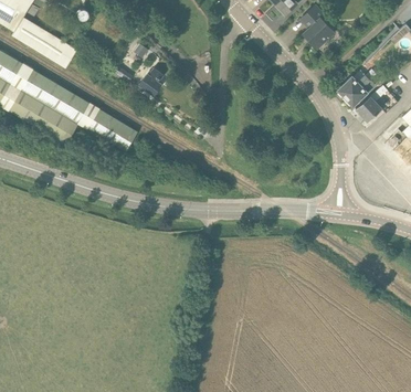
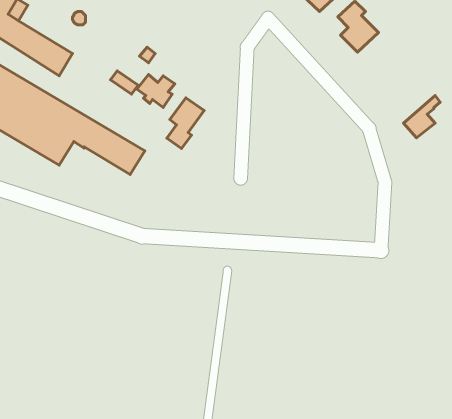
building: [336,70,373,106] -> none
building: none -> [167,98,204,148]

